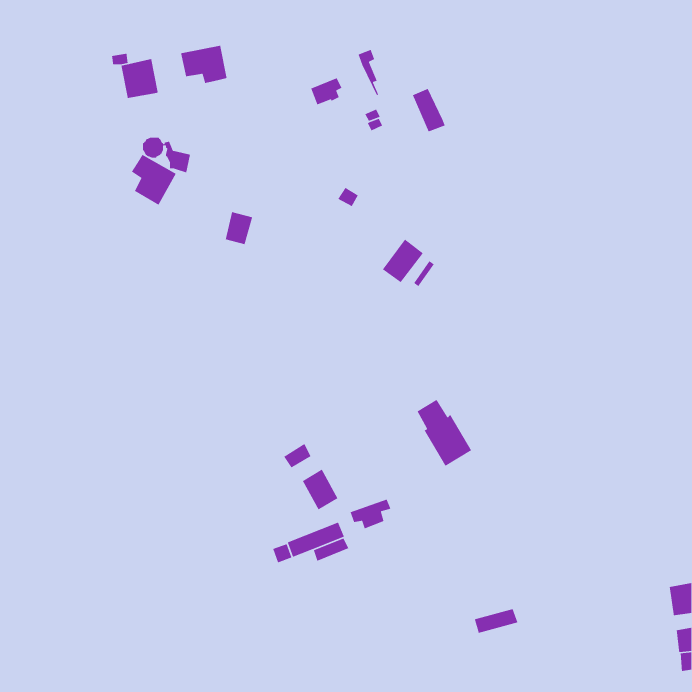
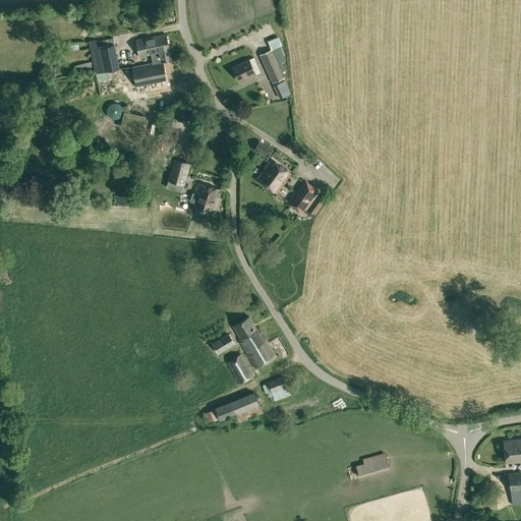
building: none -> [132,61,167,85]
building: [412,88,446,133] -> [259,49,285,82]
building: [131,154,177,206] -> none
building: none -> [257,159,291,192]
building: none -> [192,183,222,215]
building: [417,399,472,467] -> [234,316,276,367]

